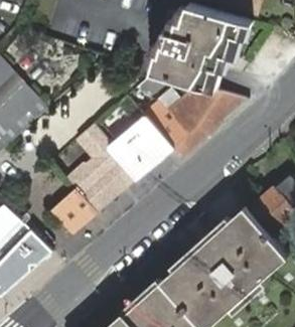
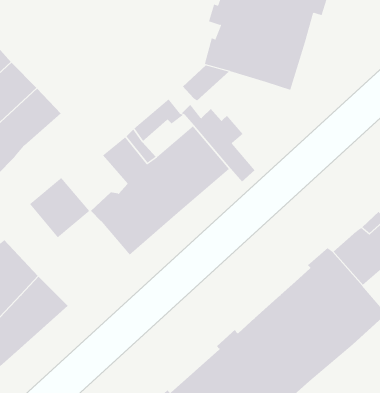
building: [156,85,248,150] -> none
building: [51,188,97,233] -> [29,177,90,238]

